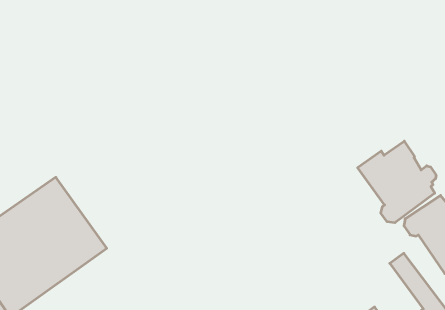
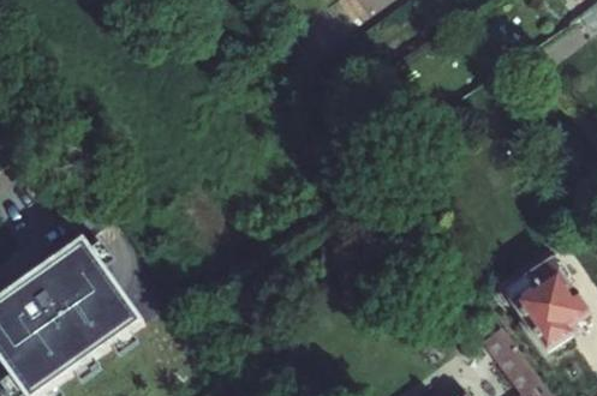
building: [358,141,436,223] -> none

